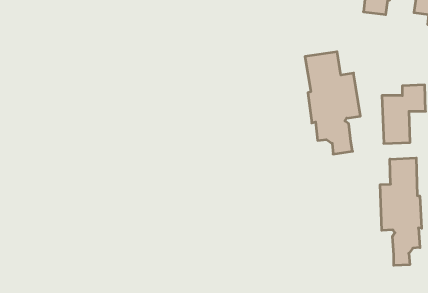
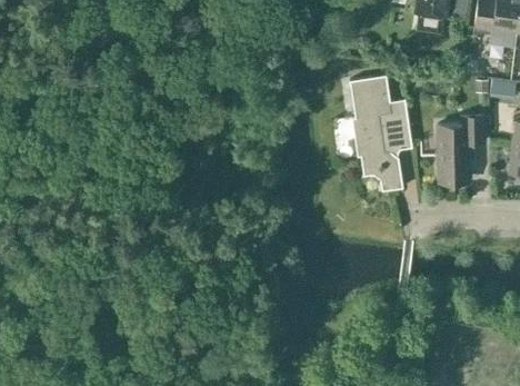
building: [380,158,422,265] -> none

